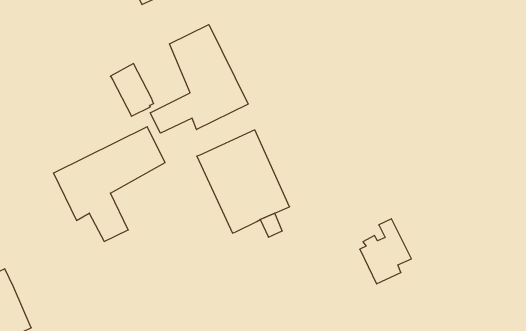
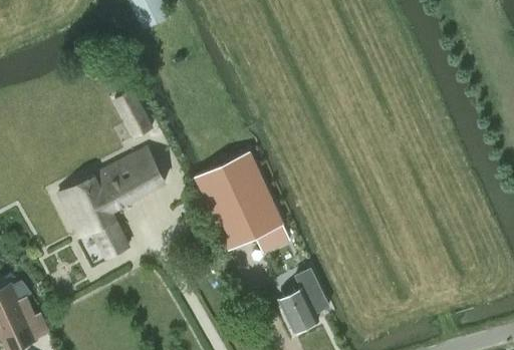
building: [150,25,248,133] -> none
building: [360,219,411,284] -> [279,269,328,331]

